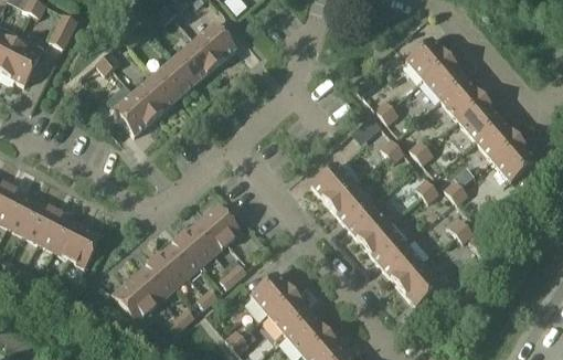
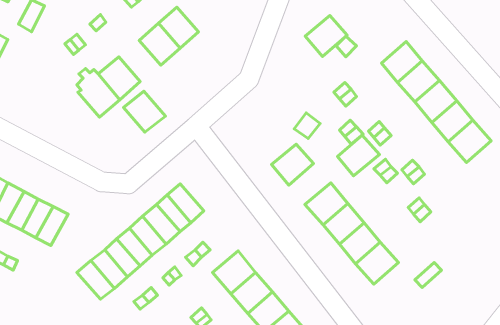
building: [406,38,449,80] -> [305,16,347,57]
building: [155,56,198,98] -> [123,91,165,132]
building: [329,182,372,224] -> [337,135,379,176]

